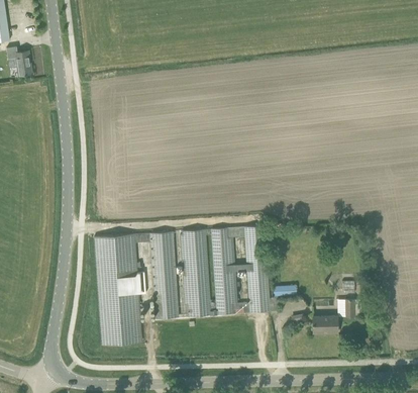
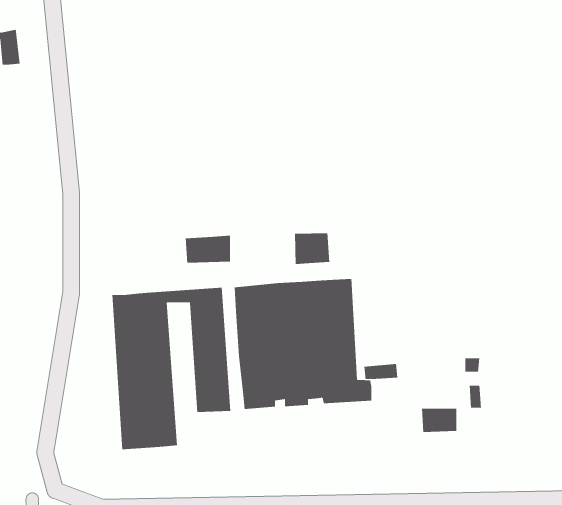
building: none -> [294,233,330,265]
building: none -> [185,235,231,264]

